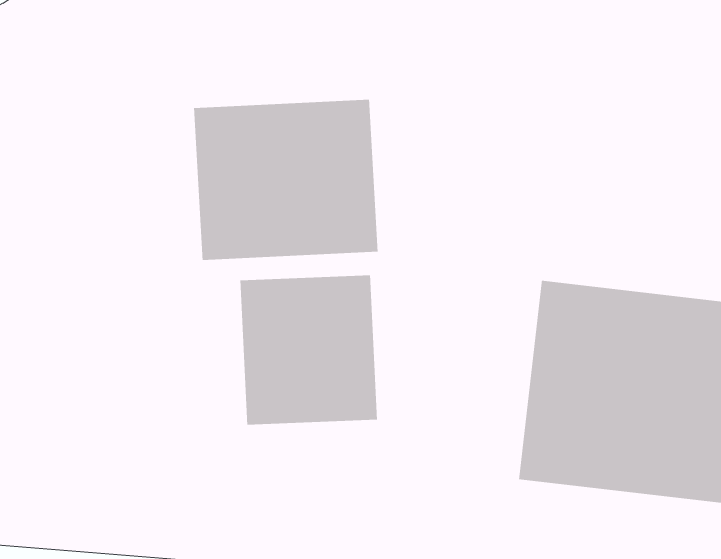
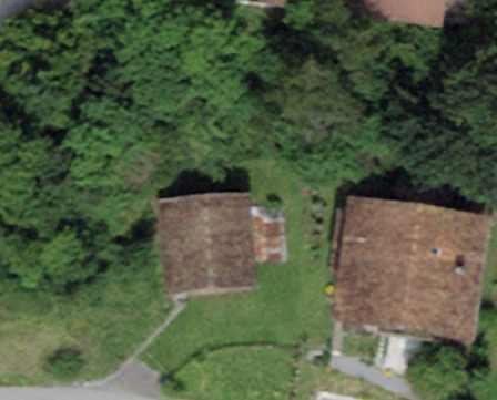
building: [193,99,379,261] -> none

